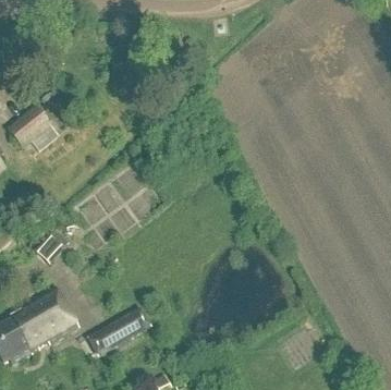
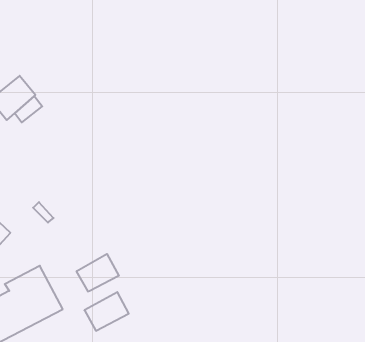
building: none -> [77,254,119,292]

